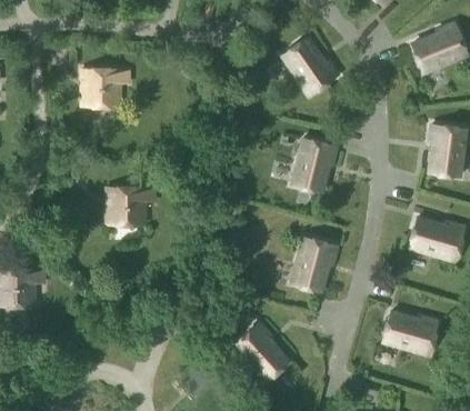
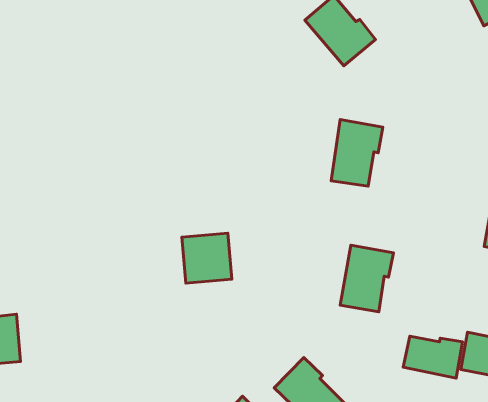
building: [83,70,120,107] -> none
building: [109,188,146,224] -> [182,233,232,283]
building: none -> [403,336,463,378]

